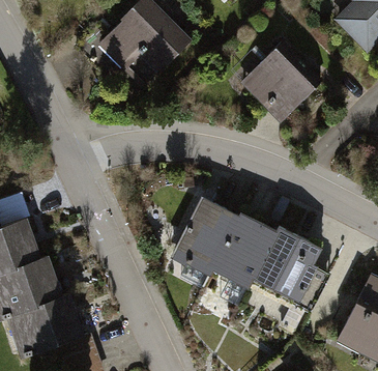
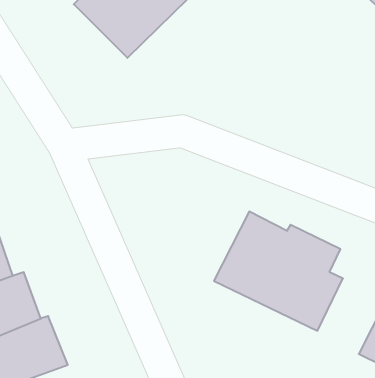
building: [237,50,317,129] -> none
building: [165,190,242,278] -> none

